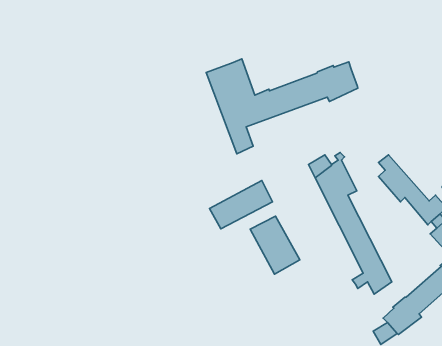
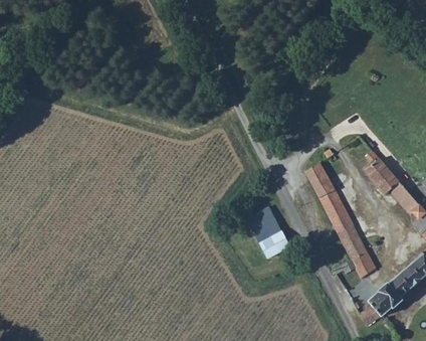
building: [206,59,358,154] -> none
building: [210,181,272,229] -> none

